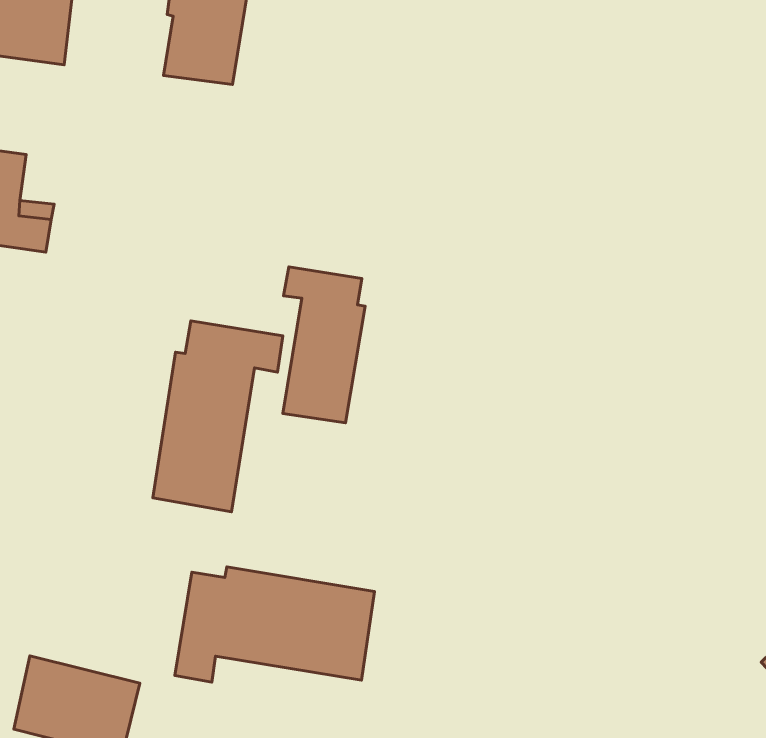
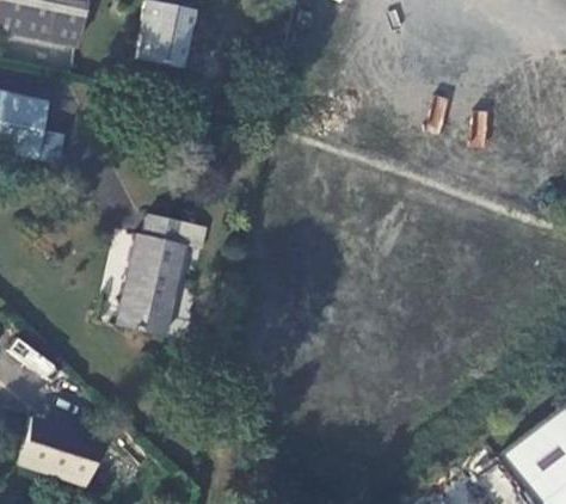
building: [283,267,365,423] -> none
building: [175,567,375,682] -> none

